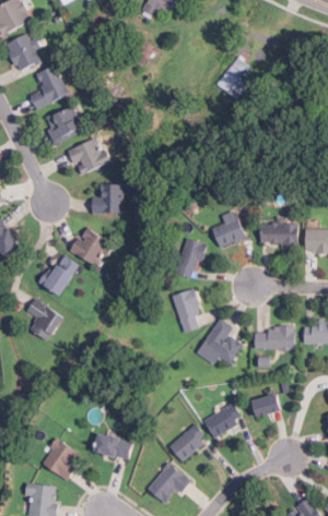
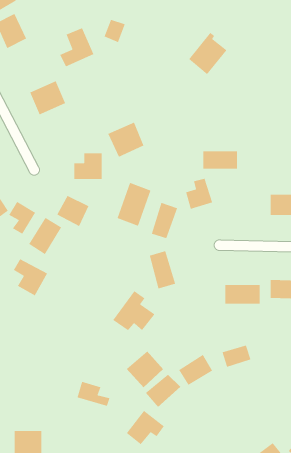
building: [30,65,68,109] -> [59,27,95,67]
building: [68,136,108,176] -> [107,122,145,158]
building: none -> [117,182,151,227]
building: [259,225,297,245] -> [203,150,238,170]
building: none -> [8,201,36,235]
building: [196,319,243,363] -> [112,290,155,331]
building: none -> [126,350,164,388]
building: [40,439,83,481] -> none

